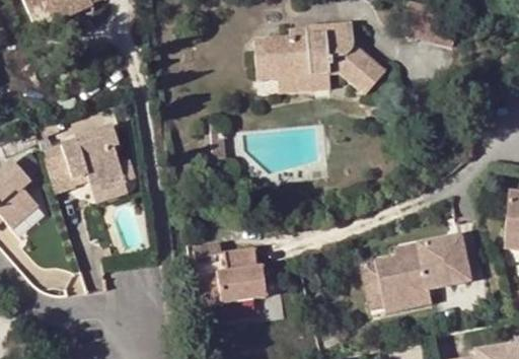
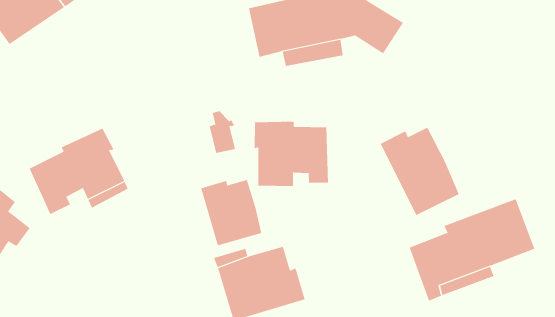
building: none -> [254,121,328,187]
building: none -> [380,127,460,216]
building: none -> [200,179,262,246]

